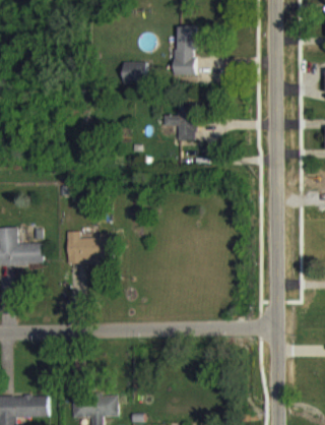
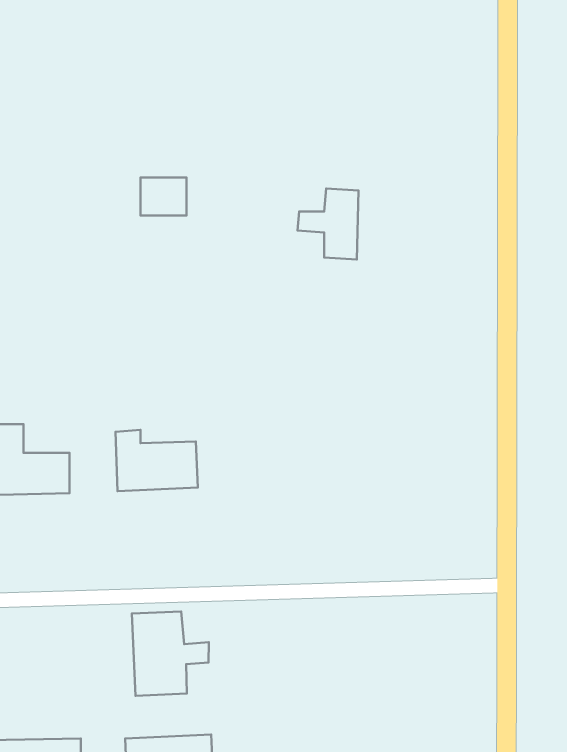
building: [173,25,195,75] -> none
building: [123,62,147,82] -> [140,177,186,216]
building: none -> [132,611,209,696]

